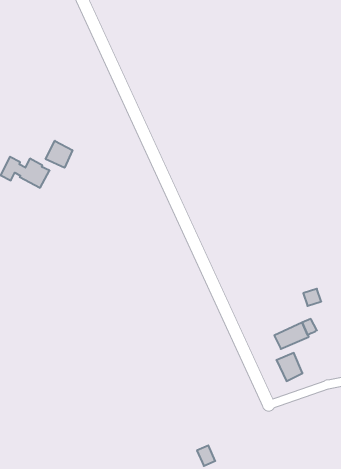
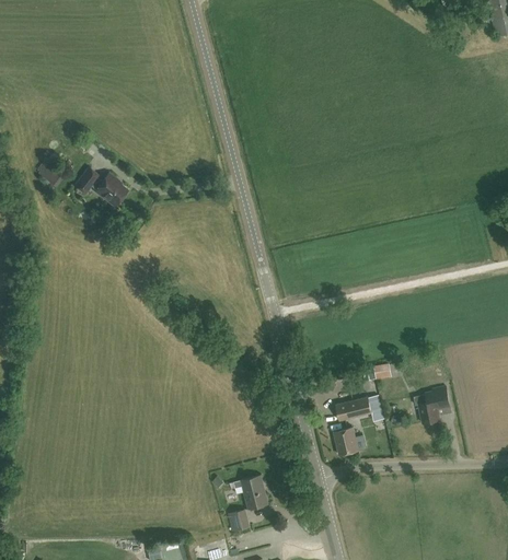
building: [46,141,72,168] -> none
building: none -> [242,476,268,510]

